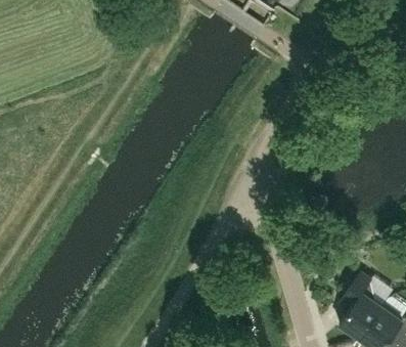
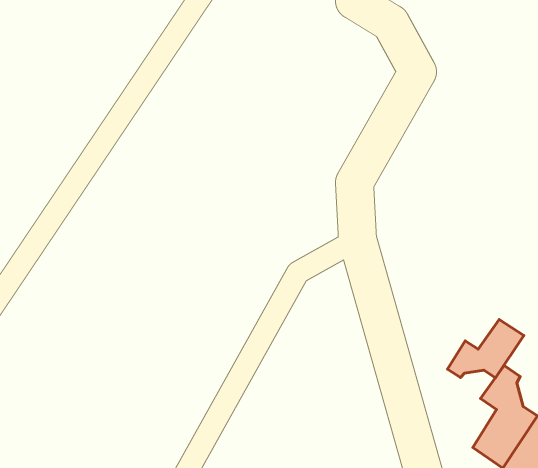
building: none -> [448,320,524,378]

